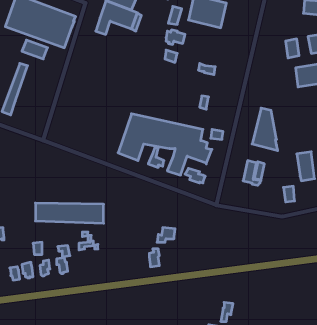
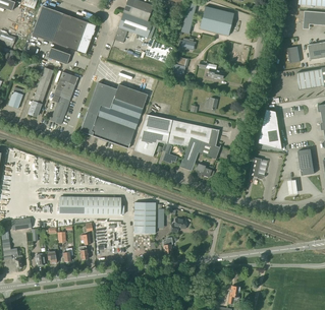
building: none -> [51,71,78,124]
building: none -> [79,81,148,147]
building: none -> [133,201,155,233]

